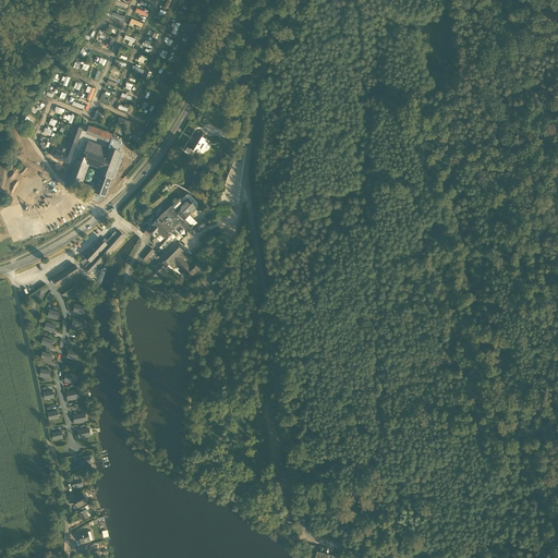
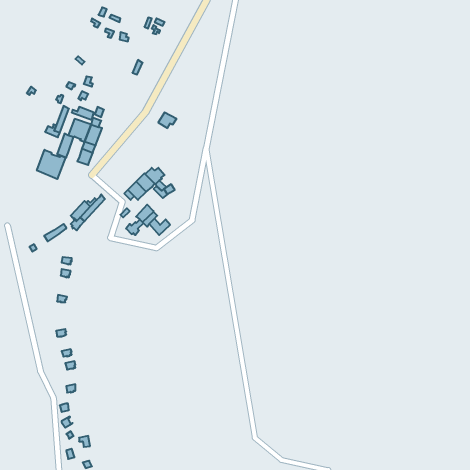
building: none -> [37,150,66,179]

